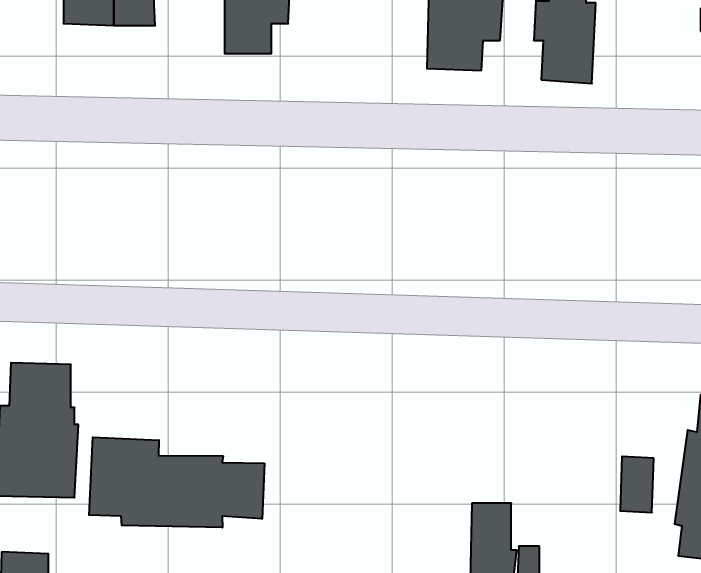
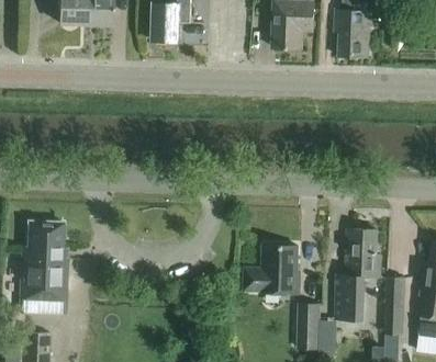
building: none -> [334,229,380,319]
building: none -> [243,244,302,295]
building: [89,437,264,528] -> none

